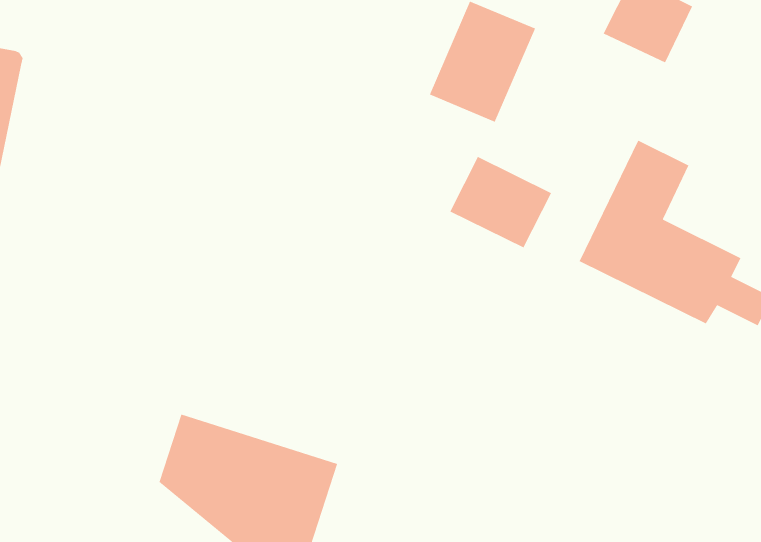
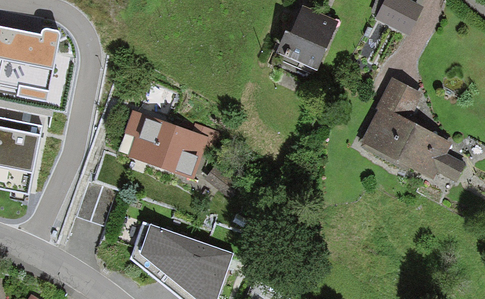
building: [449,156,552,249] -> none
building: none -> [125,112,219,180]

